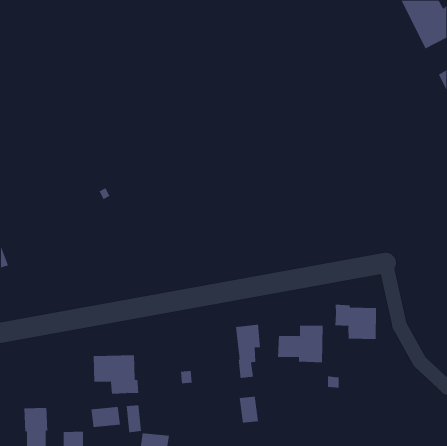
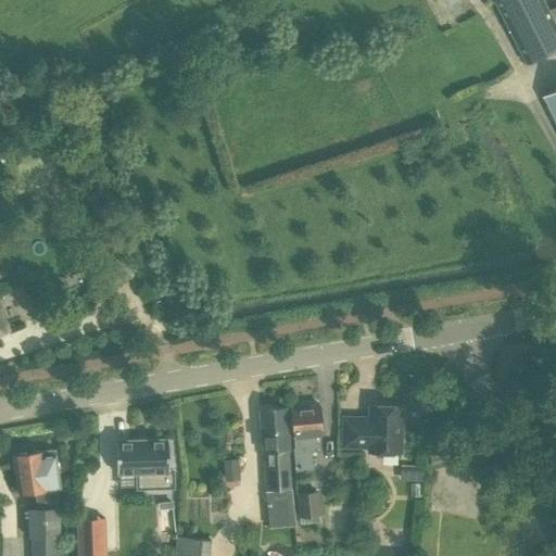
building: [335,304,376,340] -> none
building: none -> [262,407,295,529]
building: none -> [15,448,61,493]
building: [91,406,120,428] -> none

